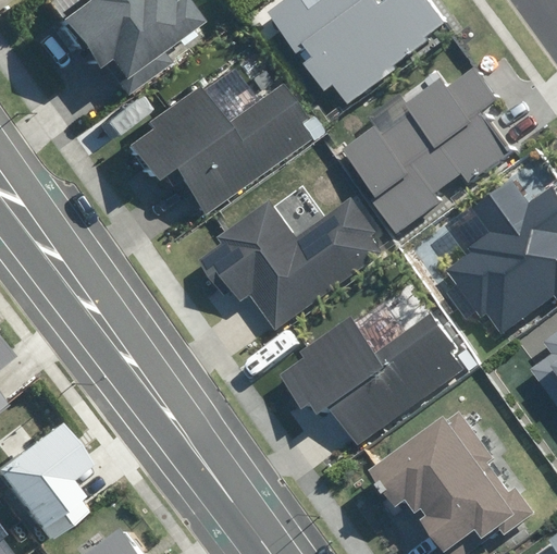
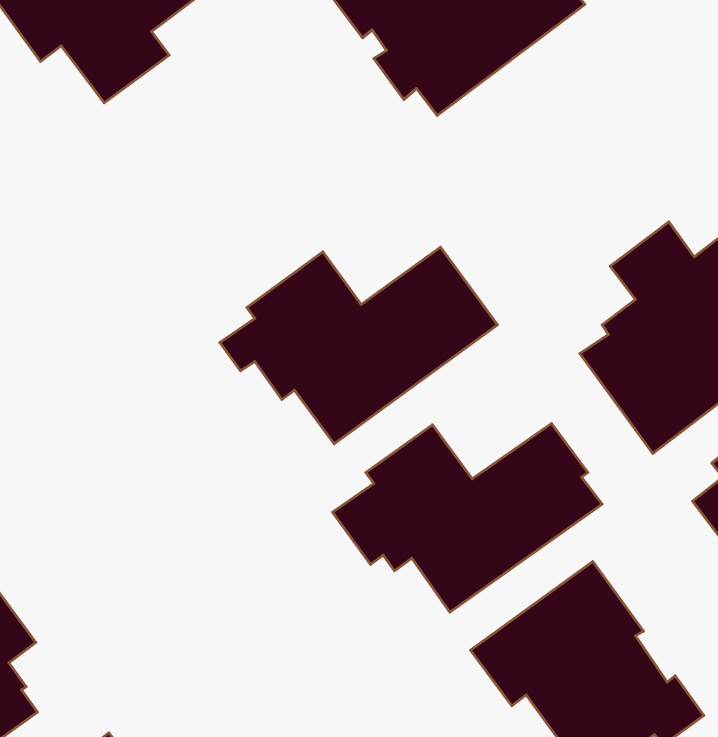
building: [343,66,504,235] -> none
building: [112,79,312,220] -> none

